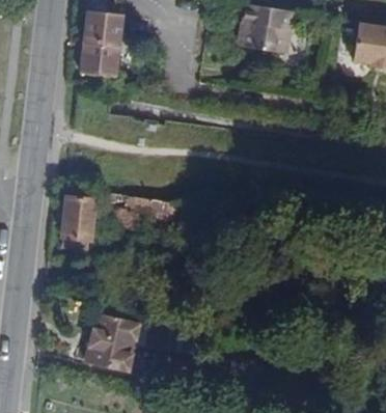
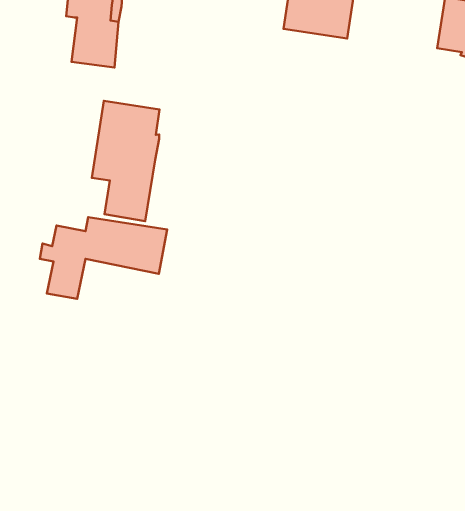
building: none -> [92,101,160,221]
building: [86,314,138,369] -> none

